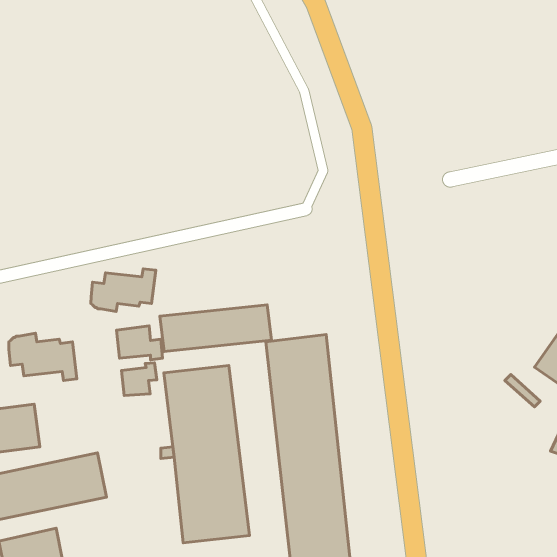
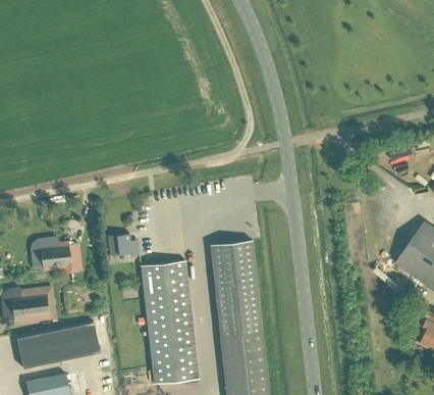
building: [91,269,156,311] -> none
building: [160,305,271,352] -> none
building: [122,363,157,396] -> none

